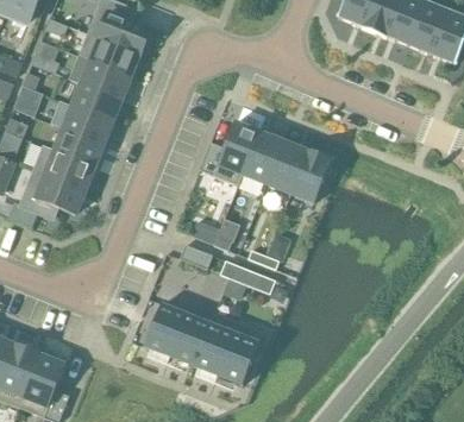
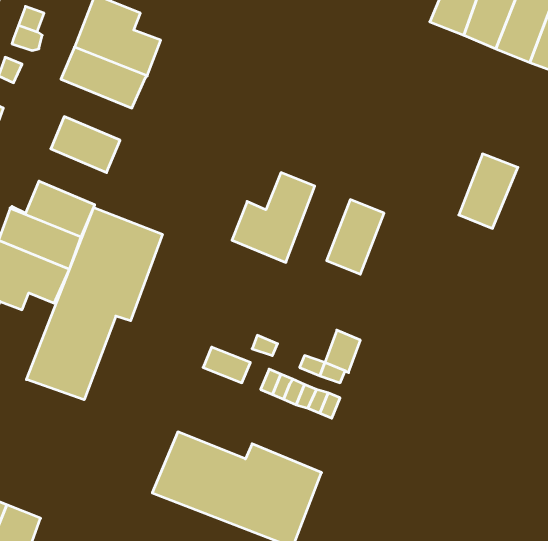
building: [71,56,130,99] -> none
building: [64,105,112,144] -> none
building: [238,131,283,184] -> none
building: none -> [26,207,162,400]
building: [290,150,332,202] -> [459,154,518,228]

